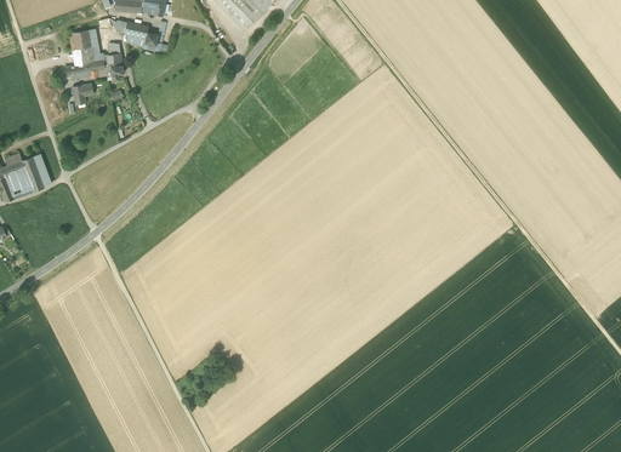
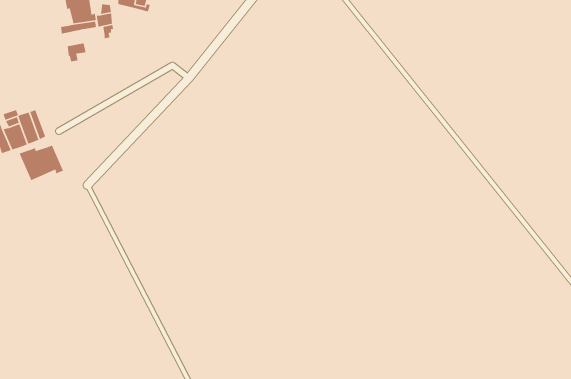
building: none -> [19,145,71,181]

